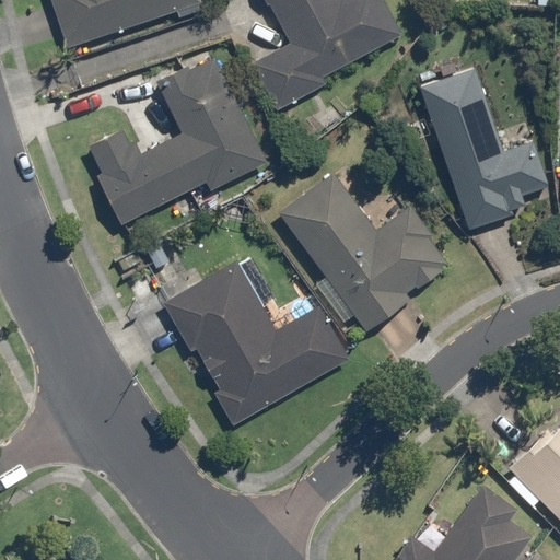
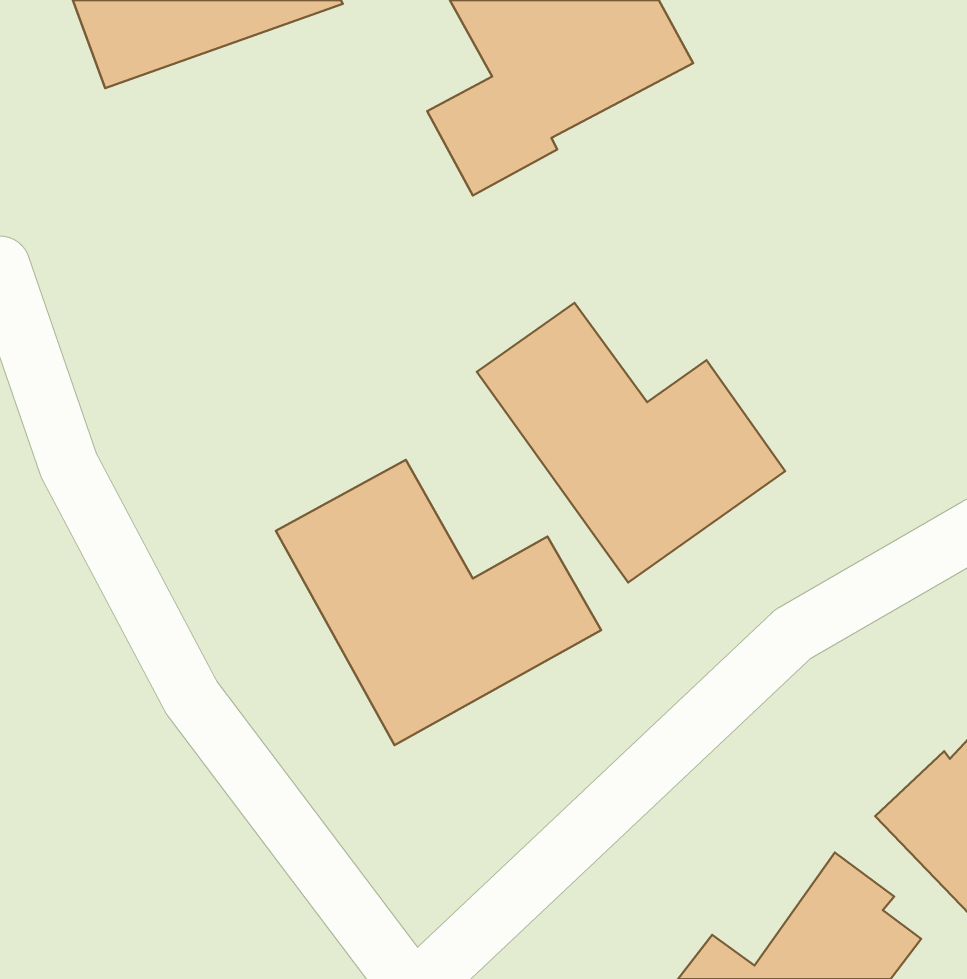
building: [81,55,267,225] -> none
building: [419,69,548,231] -> none

